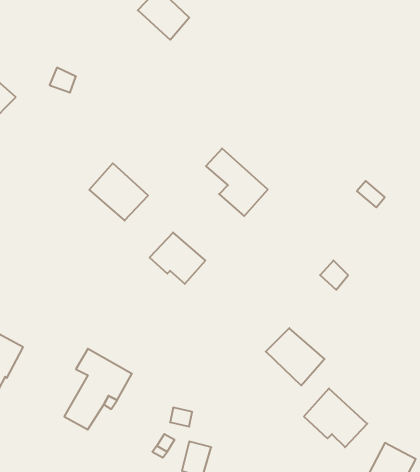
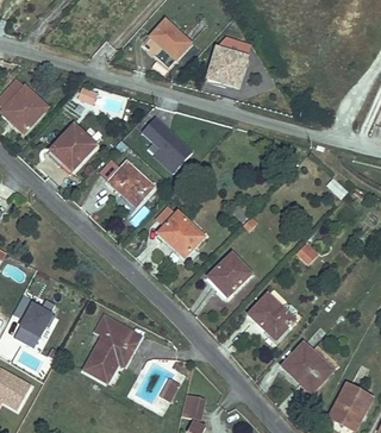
building: none -> [206,44,245,87]
building: none -> [56,127,96,171]
building: [206,148,268,216] -> [140,119,191,174]
building: none -> [207,255,251,299]

